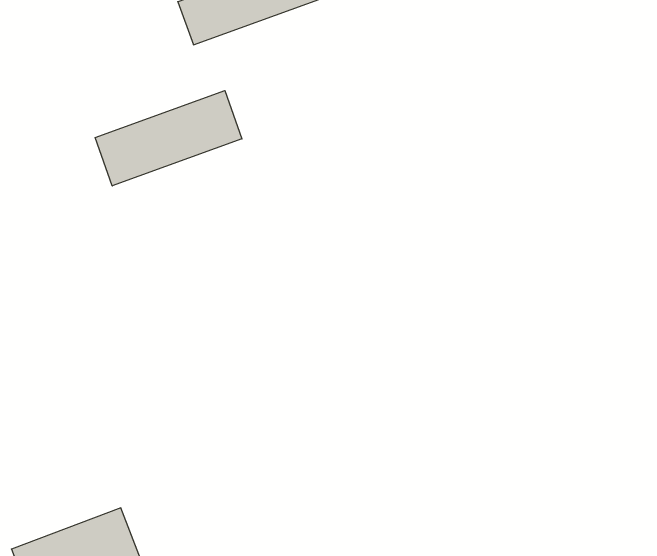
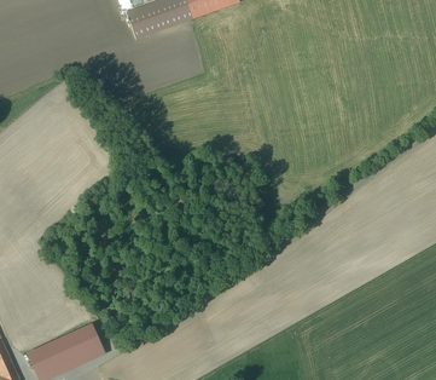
building: [95,91,242,186] -> none

